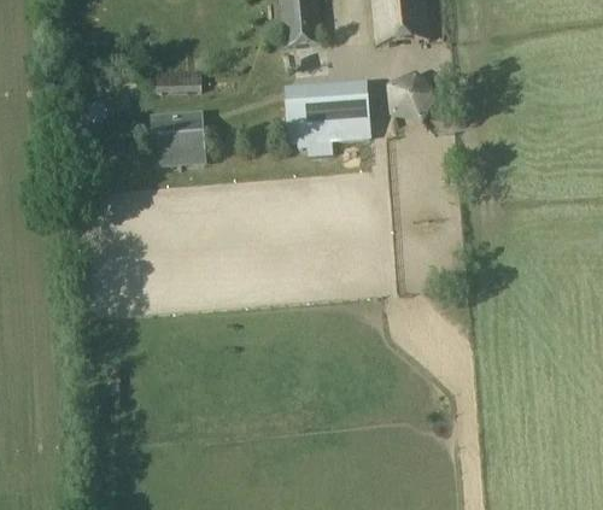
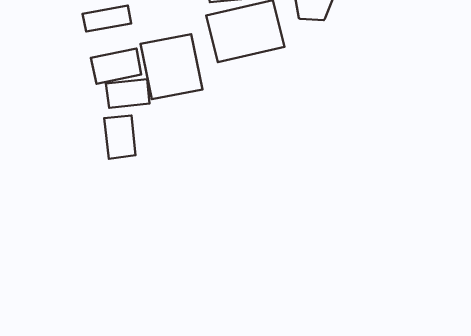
building: none -> [141,34,202,99]
building: none -> [104,115,136,159]

